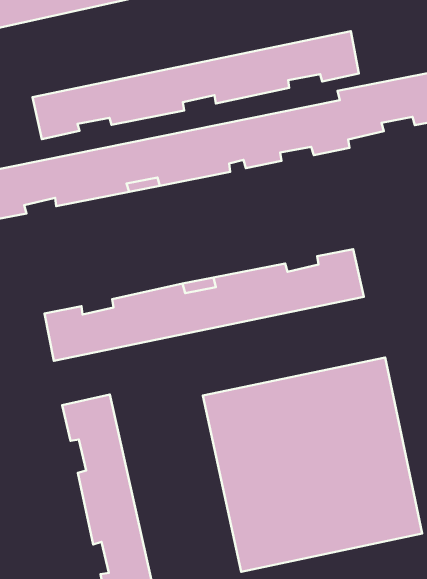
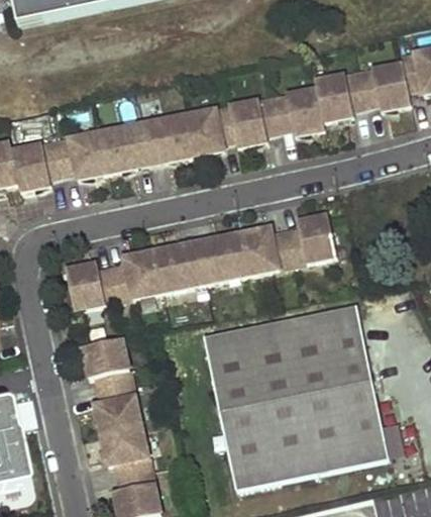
building: [33,31,359,139] -> none

